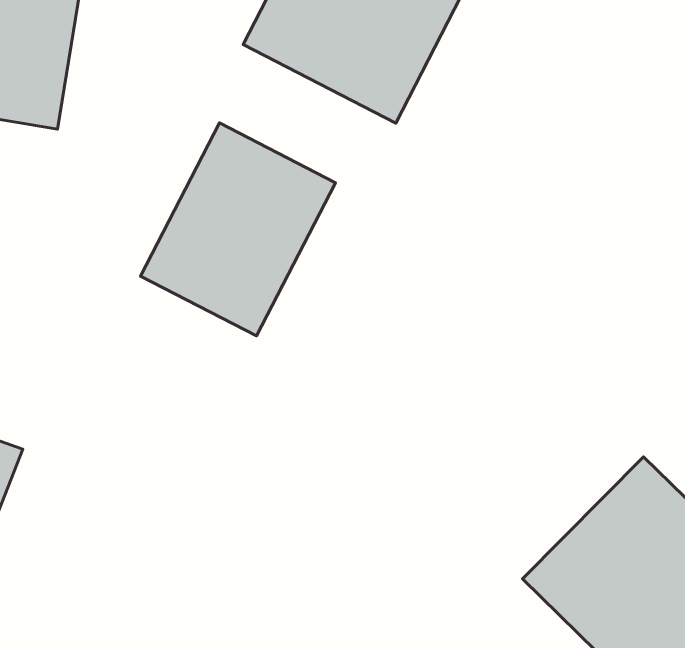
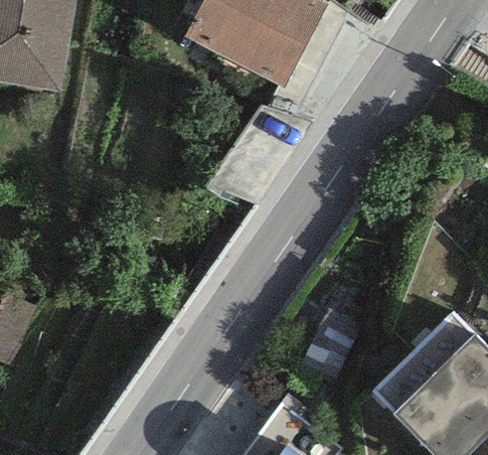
building: [140,123,336,336] -> none

